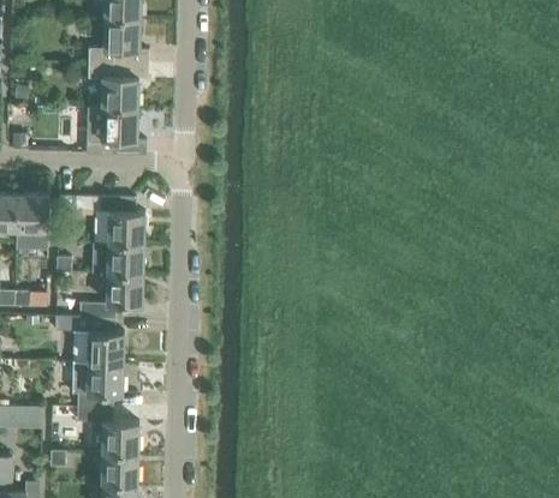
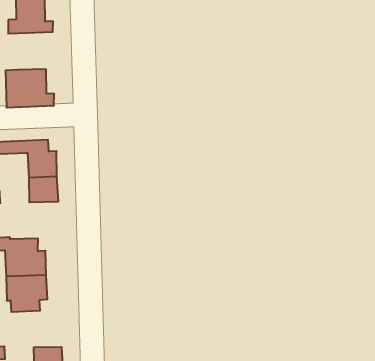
building: [91,62,147,109] -> none
building: [79,272,142,318] -> none
building: [76,407,137,454] -> none

